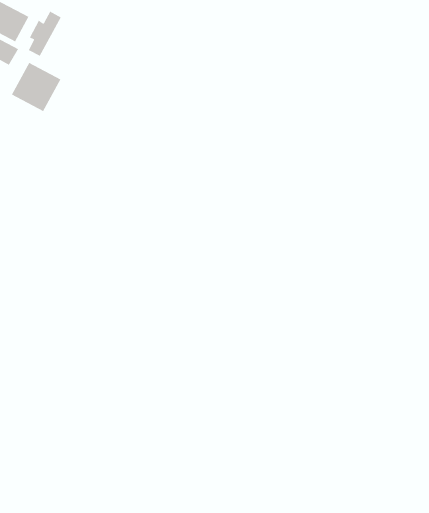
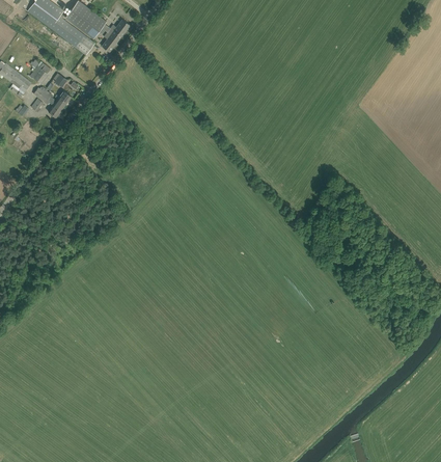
building: [11,62,61,112] -> none

